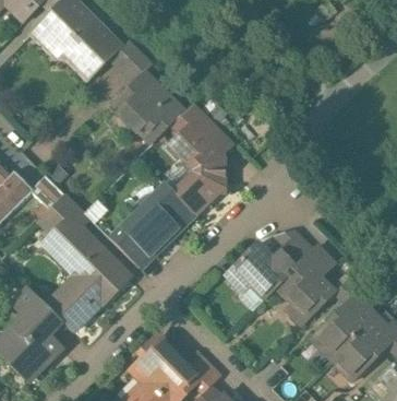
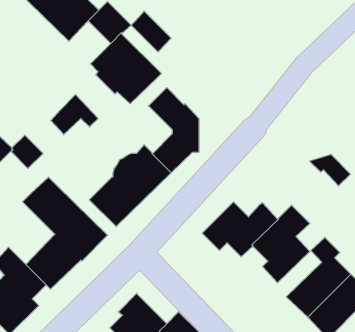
building: [179,103,219,144] -> [131,11,171,52]
building: [38,193,86,234] -> [51,95,98,135]
building: [272,228,313,260] -> [310,155,350,186]

